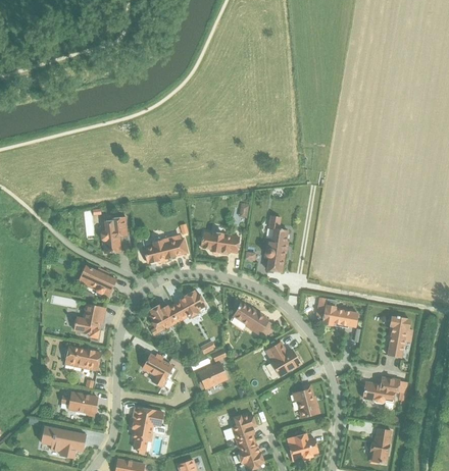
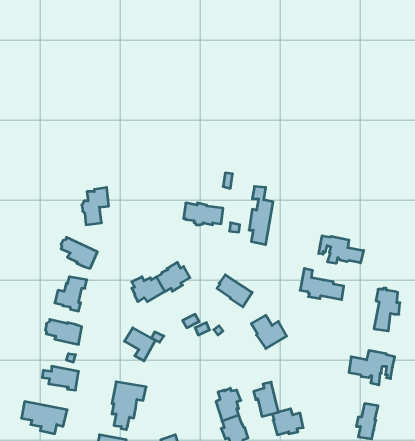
building: [143,236,187,262] -> none
building: none -> [319,236,364,263]
building: [198,361,227,387] -> none
building: [293,383,317,417] -> [254,382,279,416]

